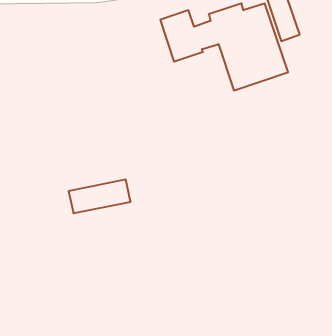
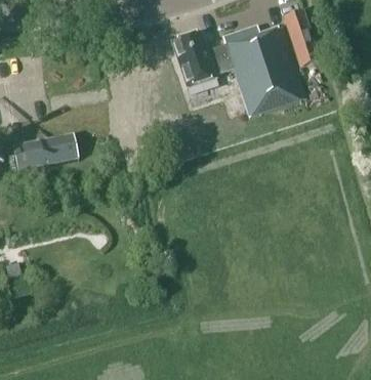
building: [69,179,131,213] -> [12,133,78,169]

